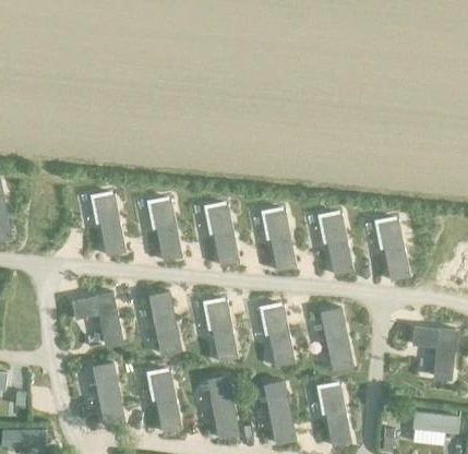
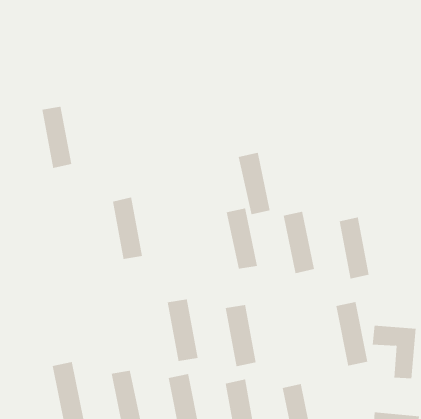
building: [94,193,124,255] -> [42,106,72,169]
building: [206,204,239,266] -> [238,152,271,215]
building: [70,291,122,345] -> none
building: [147,291,180,355] -> none
building: [320,307,352,371] -> [335,301,368,366]

